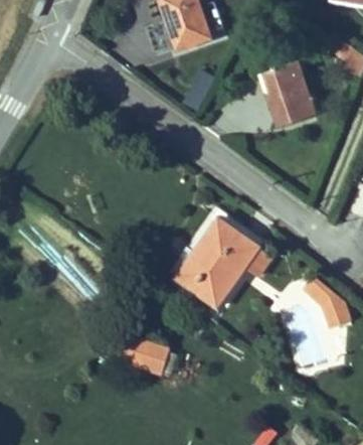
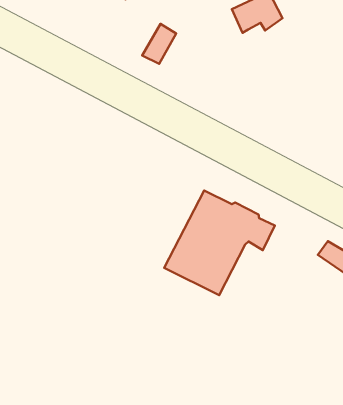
building: [265,85,315,126] -> none
building: [123,337,171,377] -> none

